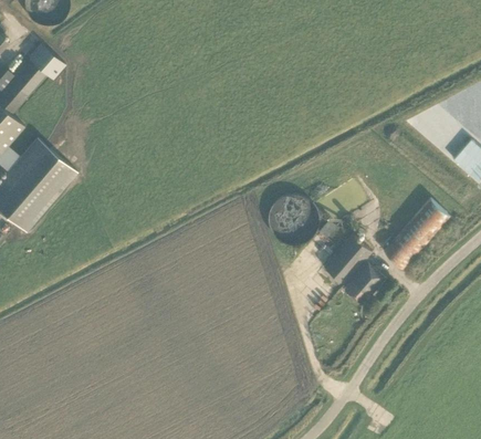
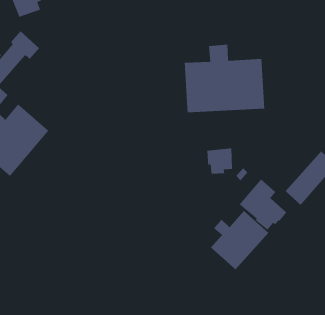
building: none -> [184,44,265,113]
building: none -> [210,210,269,270]

